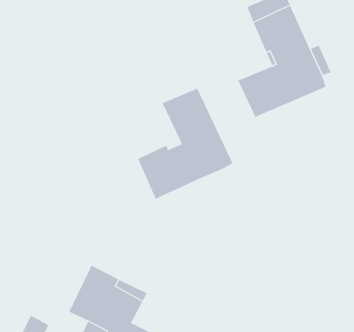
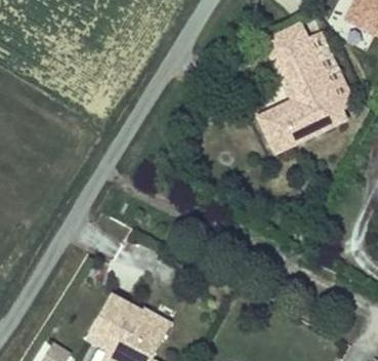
building: [137,88,233,199] -> none

